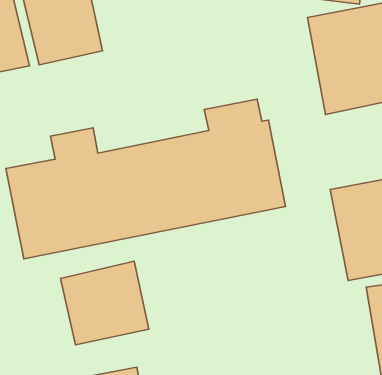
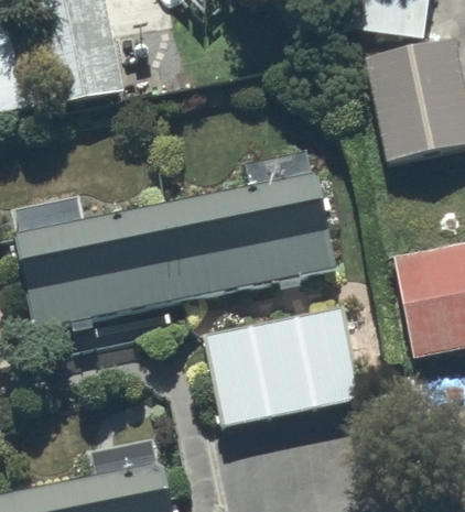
building: none -> [201,301,366,431]
building: [60,261,149,345] -> none

